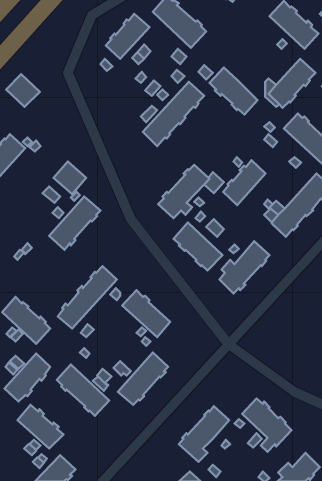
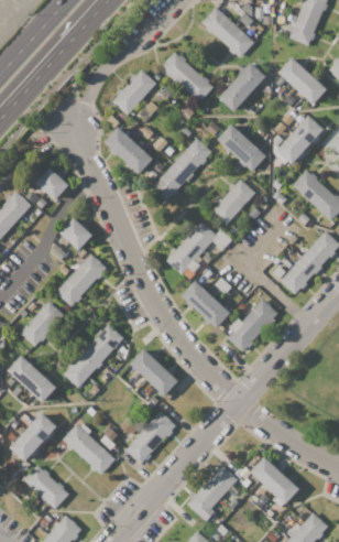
building: none -> [218,62,266,112]
building: none -> [103,127,153,174]
building: [6,74,40,107] -> [35,167,69,200]
building: [223,160,266,205] -> [211,178,254,224]
building: none -> [20,301,63,346]

